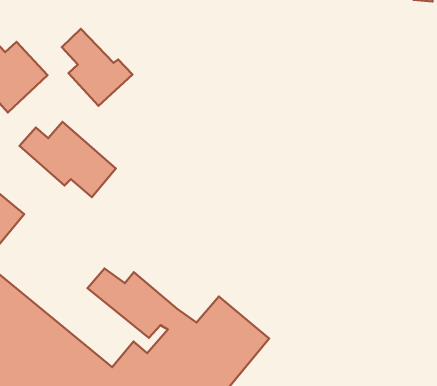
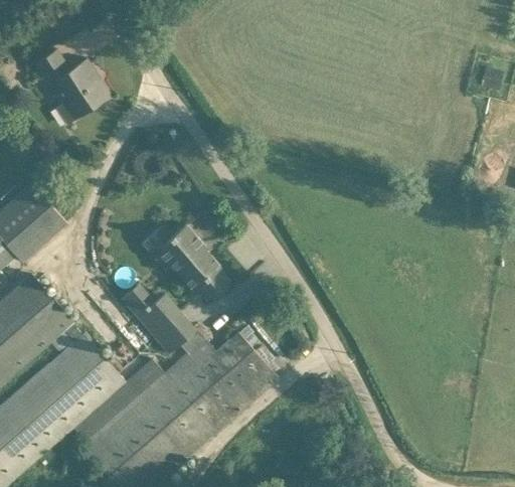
building: [62,29,132,106] -> none
building: [20,122,116,197] -> [143,223,230,299]

